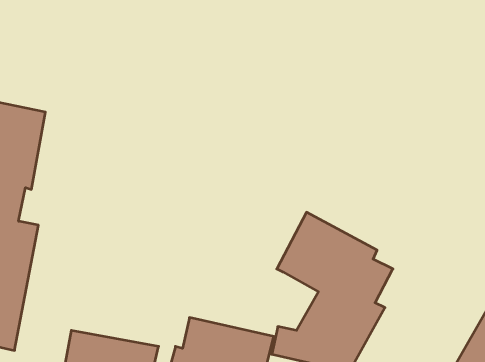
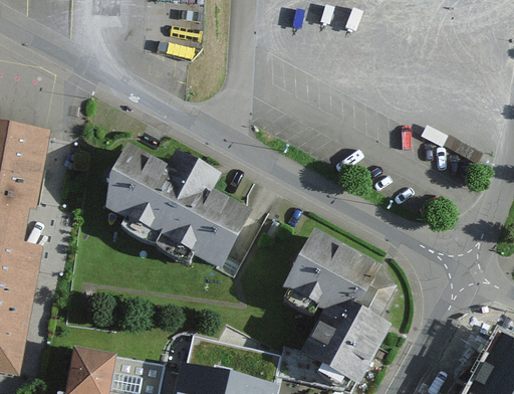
building: none -> [107,147,251,270]

